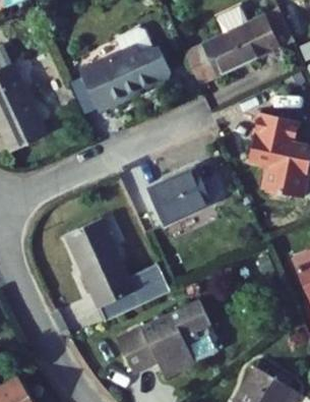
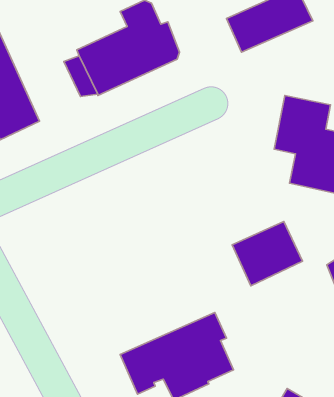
building: [181,45,221,85] -> none
building: [147,169,208,225] -> [232,222,302,286]
building: [66,219,170,321] -> none

